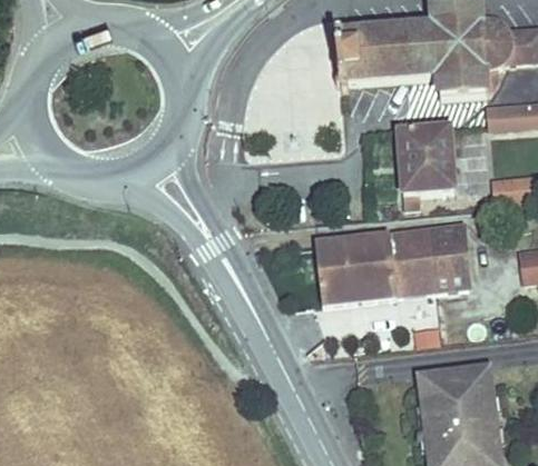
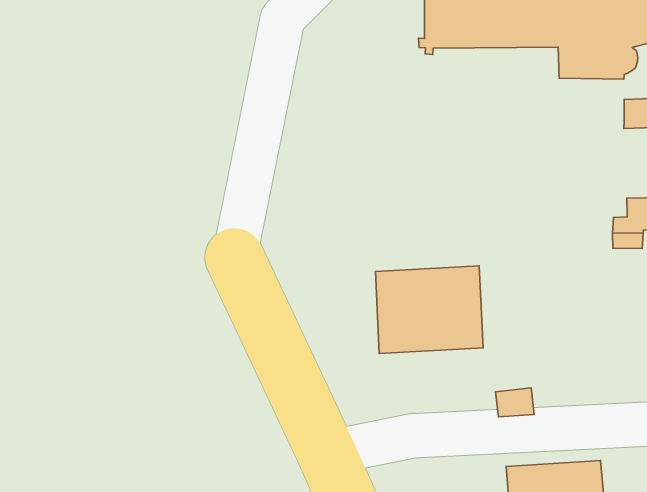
building: [399,126,454,205] -> none
building: [391,225,470,293] -> none

